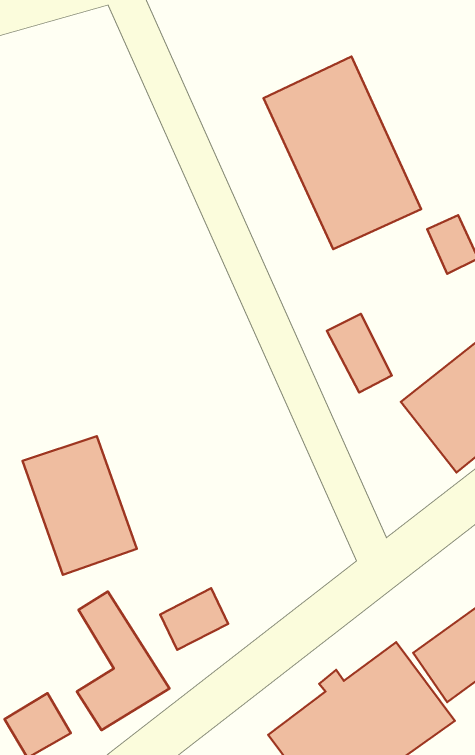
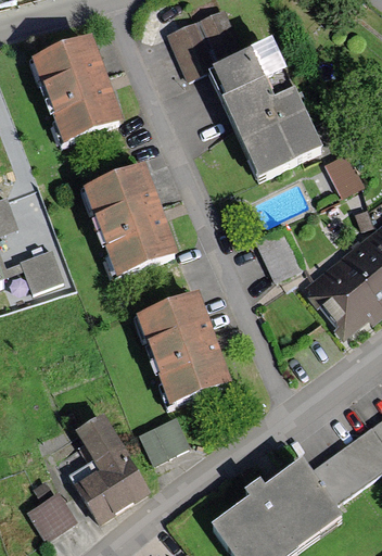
building: none -> [171,13,238,75]
building: none -> [38,46,114,137]
building: none -> [87,174,168,274]
building: [23,436,137,575] -> [143,304,224,402]

